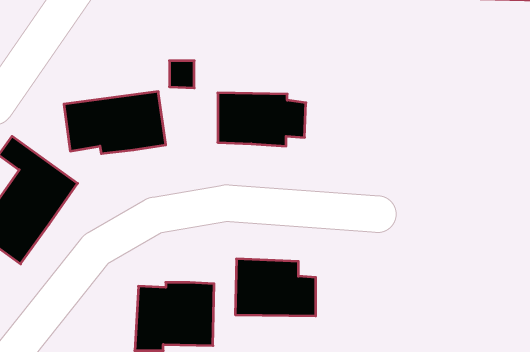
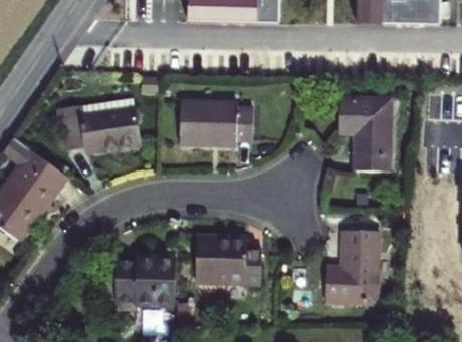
building: none -> [339,97,391,170]
building: none -> [325,230,379,302]

